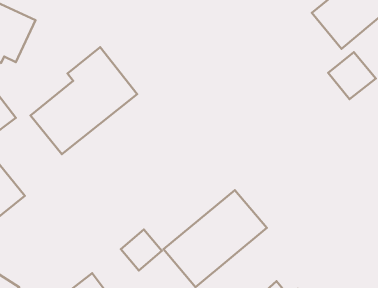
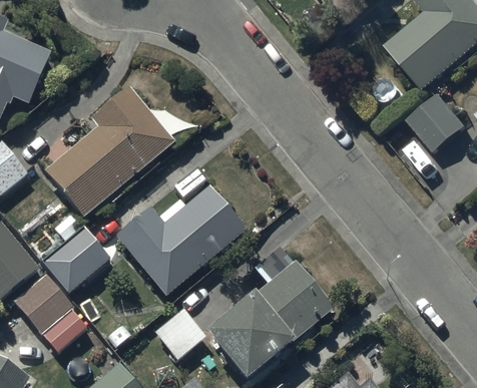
building: none -> [116,185,246,295]
building: none -> [42,225,111,292]
building: none -> [12,272,85,350]

